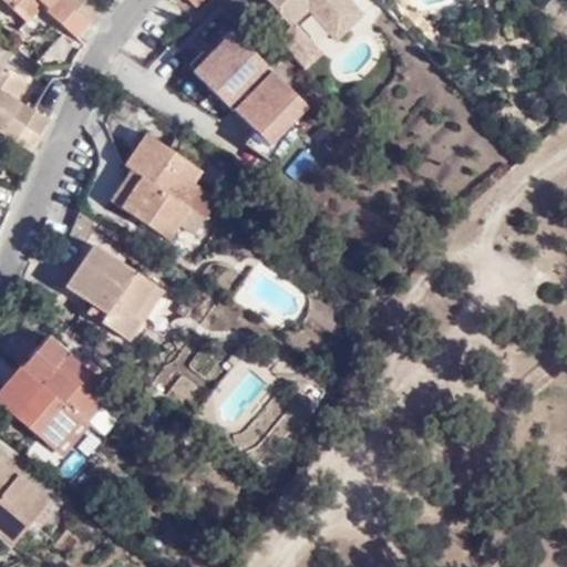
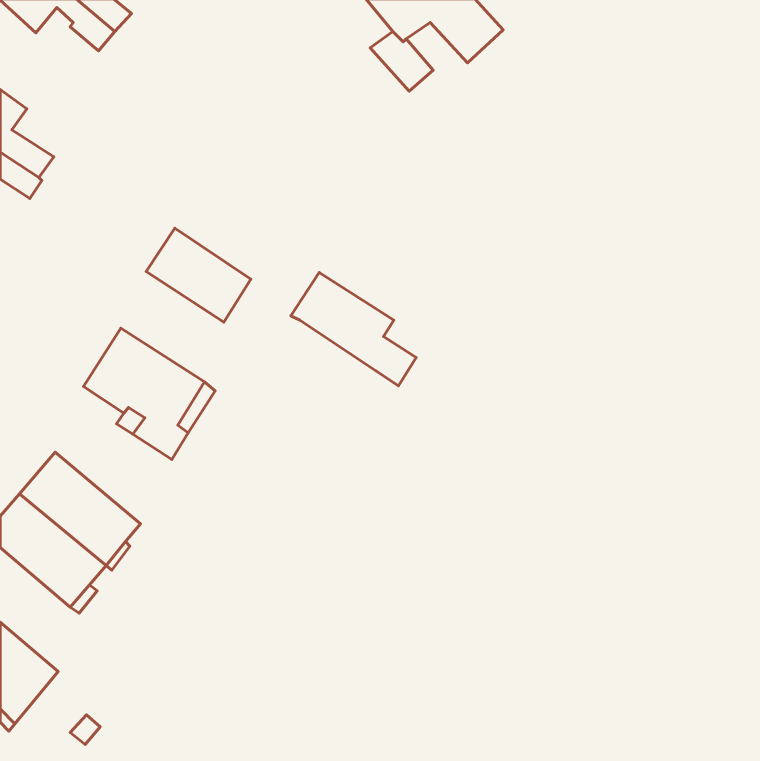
building: [195,29,310,152] -> none
building: [125,134,218,218] -> [291,272,416,386]

